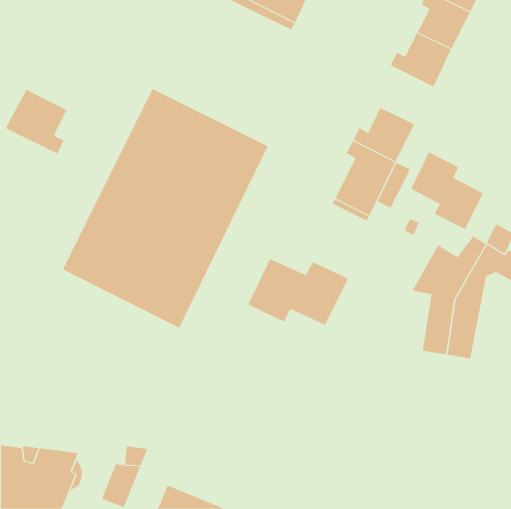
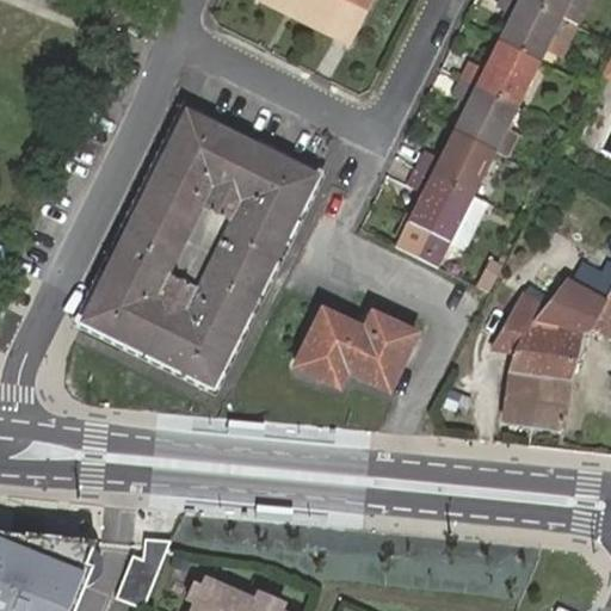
building: none -> [453,78,518,148]
building: [5,89,67,155] -> none
building: [410,152,483,230] -> none

